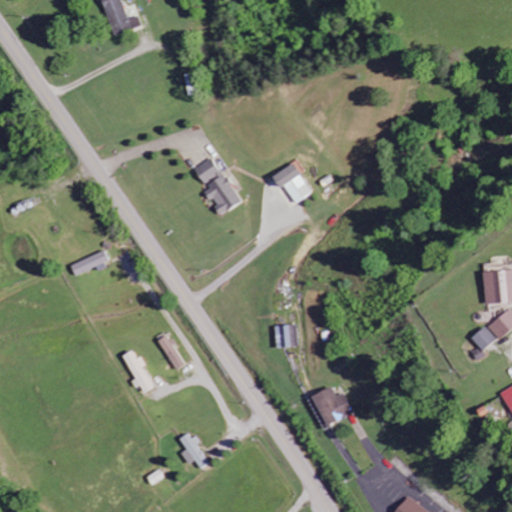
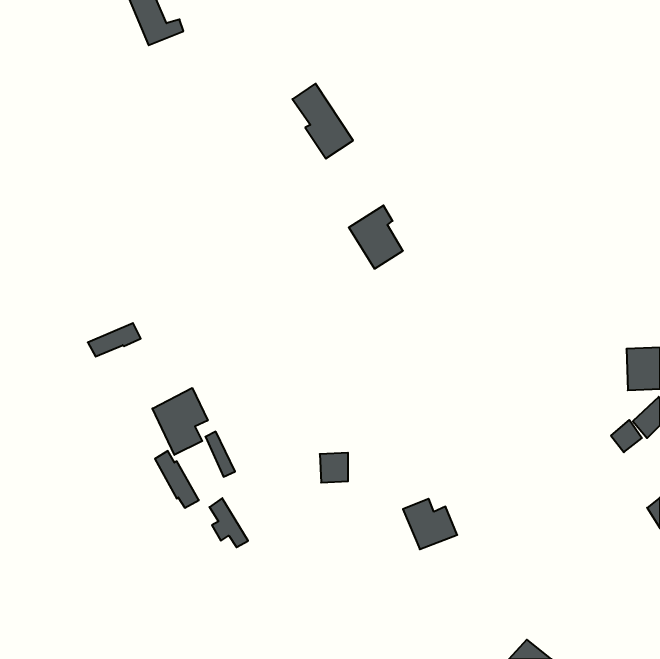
building: [194,157,241,215] -> [292,84,353,159]
building: none -> [152,388,208,455]
building: [276,324,298,347] -> [320,453,348,483]
building: [178,431,208,469] -> [209,498,248,547]

